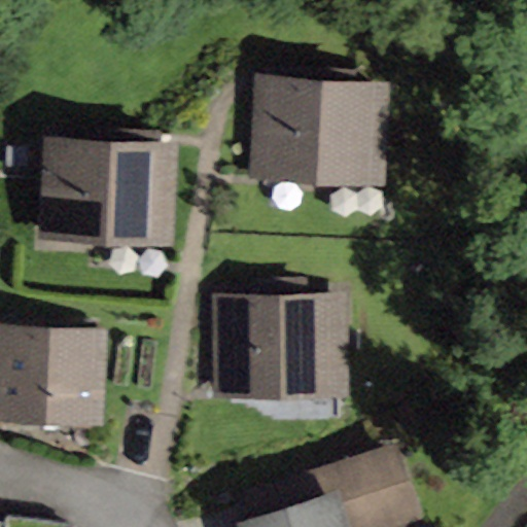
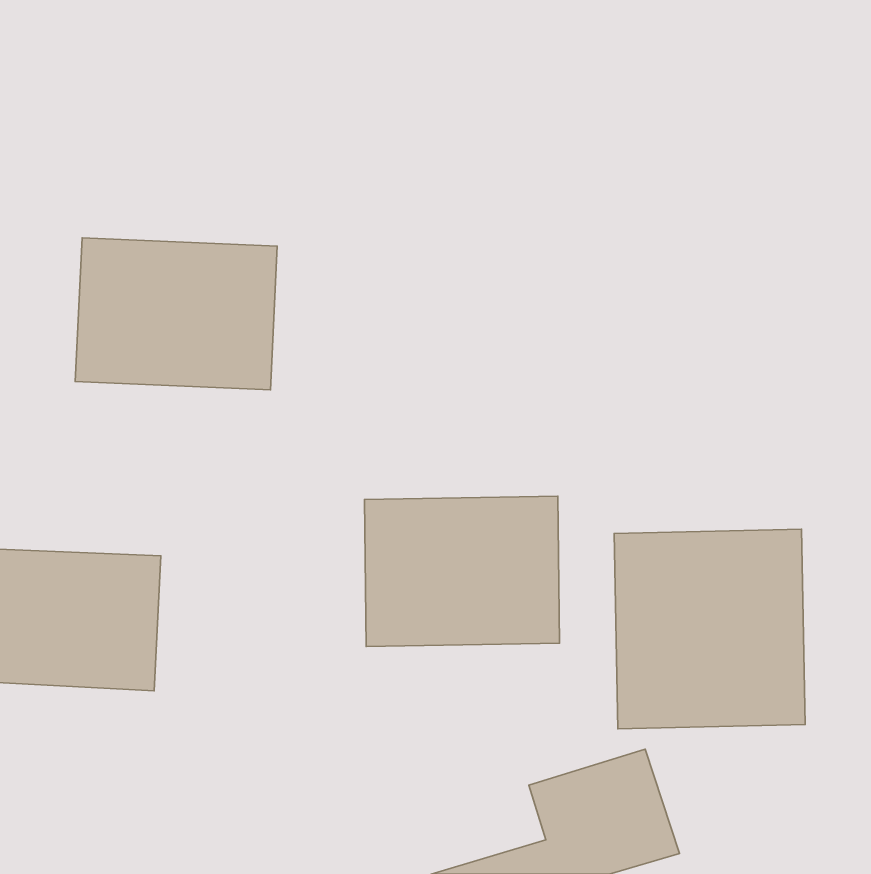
building: [256,81,380,176] -> none
building: none -> [614,529,805,729]

